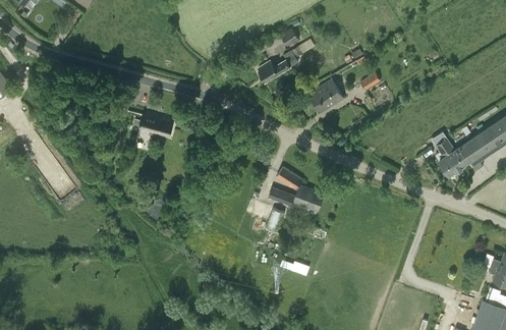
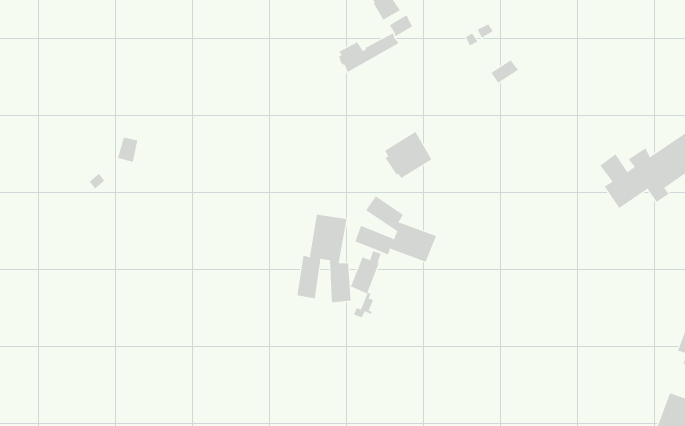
building: [310,79,342,112] -> [384,131,432,179]
building: [139,116,173,139] -> none
building: none -> [297,214,351,303]

